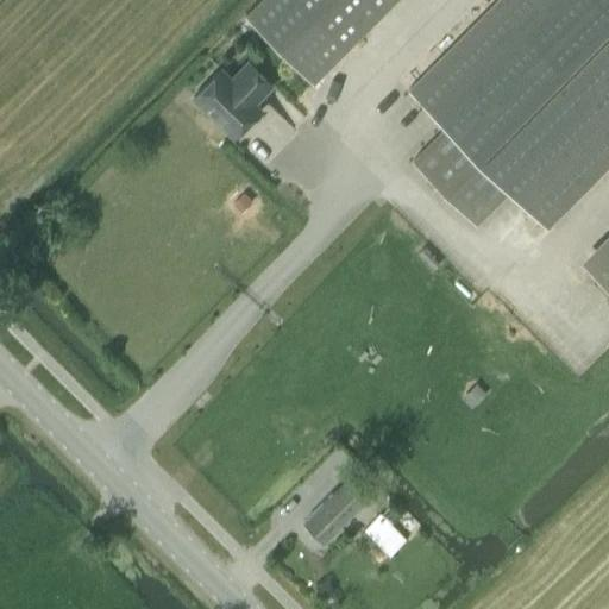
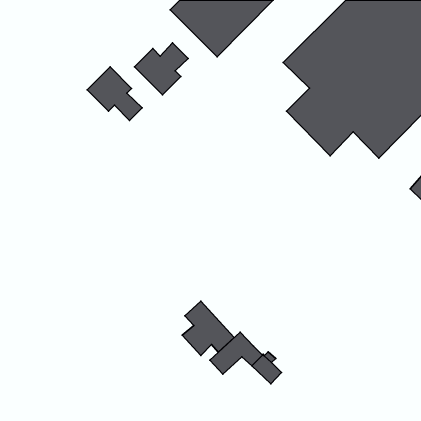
building: none -> [87,67,142,121]
building: none -> [182,301,234,355]

